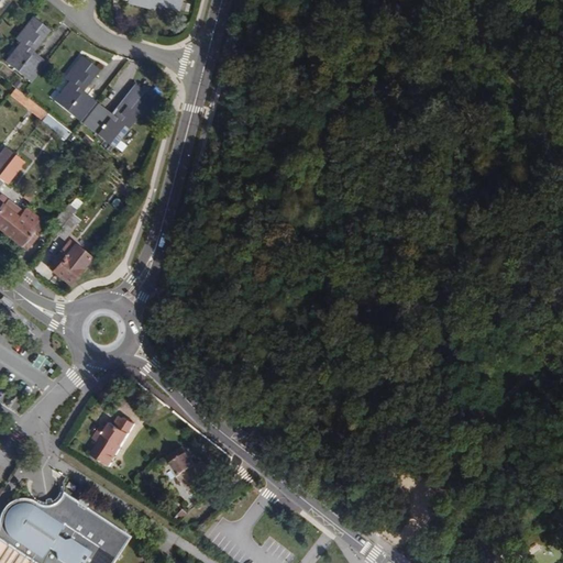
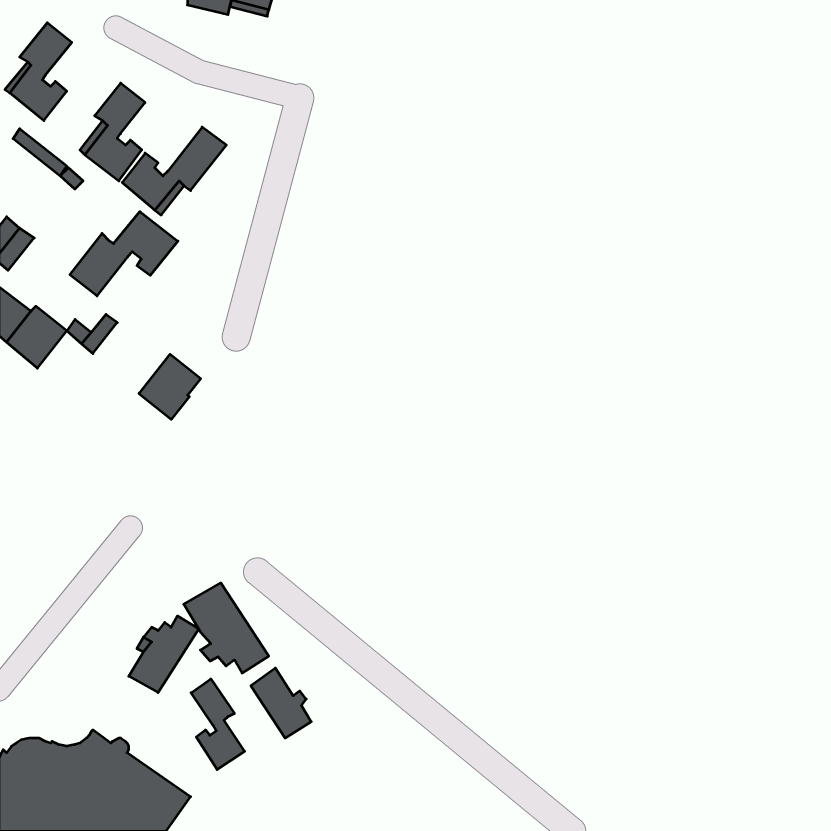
building: none -> [70,212,178,296]
building: [47,240,89,284] -> [139,354,201,419]
building: none -> [184,583,269,673]
building: none -> [191,679,245,770]

